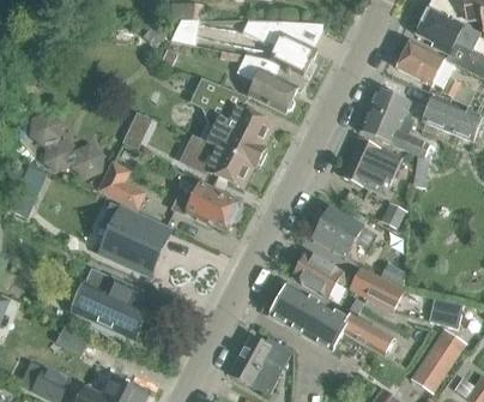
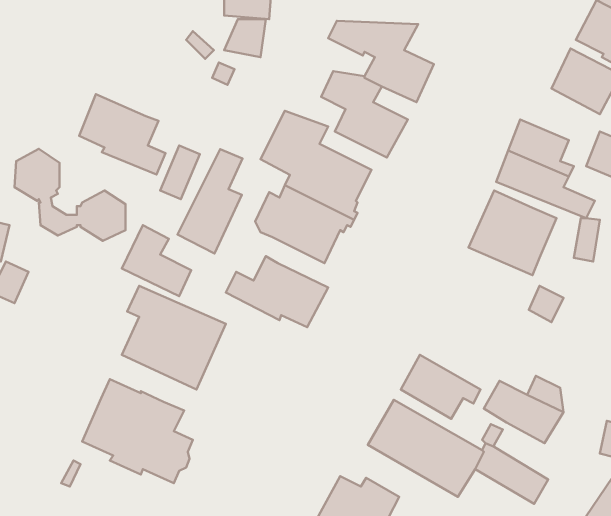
building: none -> [79,94,165,174]
building: none -> [177,149,242,254]
building: [313,208,376,257] -> none

